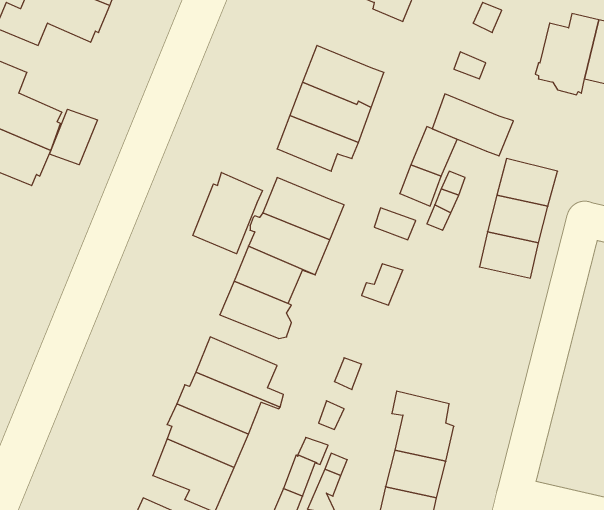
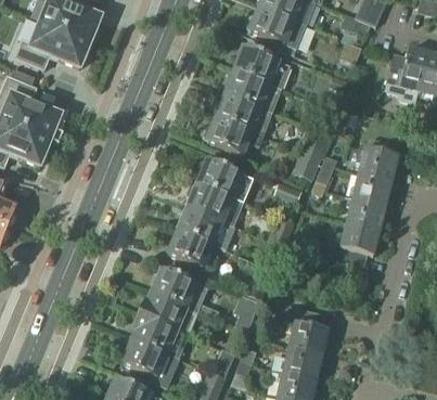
building: [432,94,513,156] -> [235,44,291,87]
building: [49,109,97,165] -> none
building: [193,172,262,254] -> none
building: none -> [329,219,381,264]

